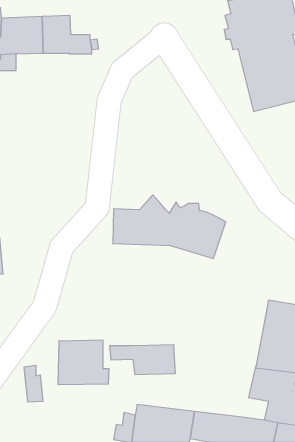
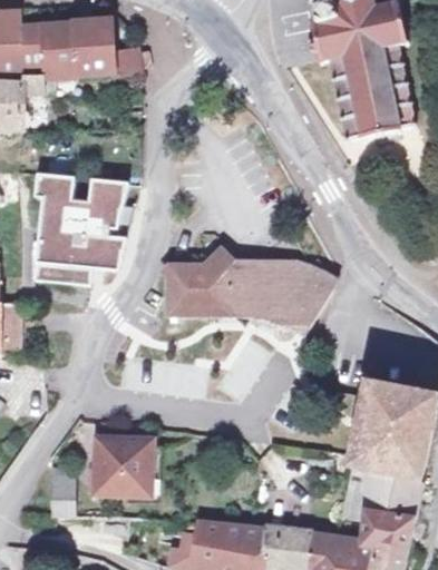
building: none -> [31,165,135,283]
building: none -> [285,258,333,336]
building: [110,344,175,375] -> none

